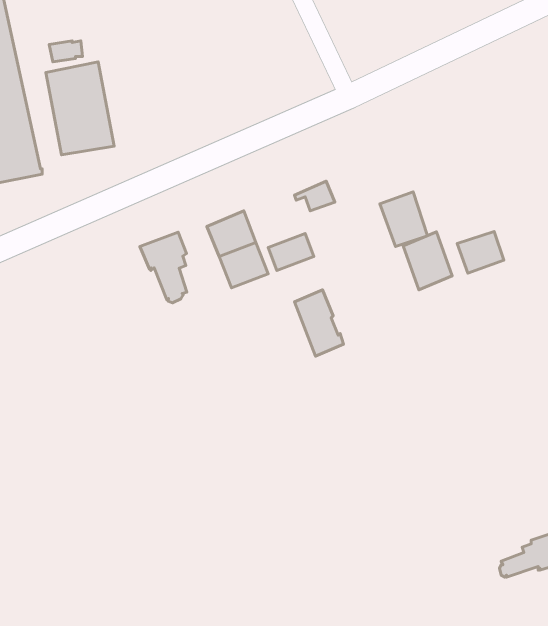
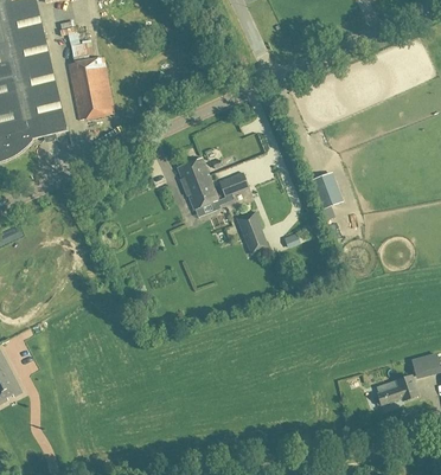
building: [380,192,427,246] -> none
building: [457,232,504,273] -> none
building: [140,232,187,303] -> none

